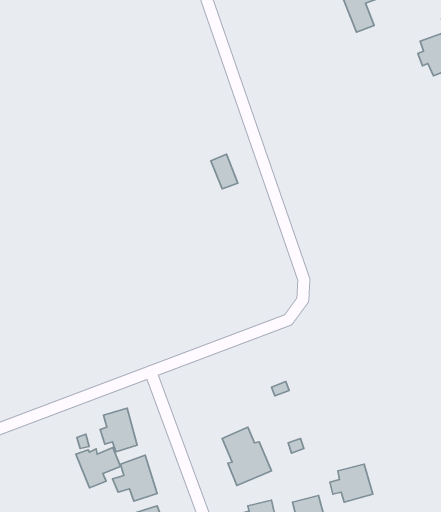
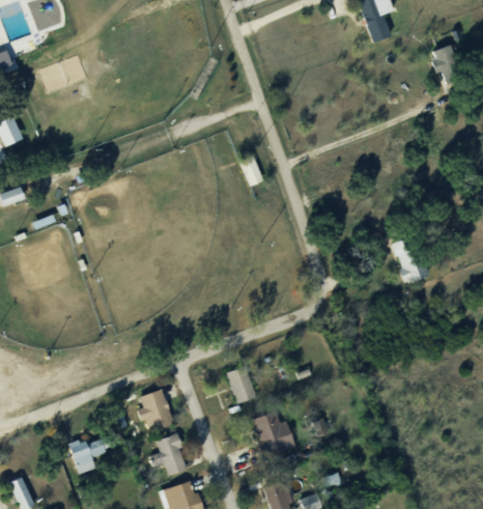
building: none -> [392,235,430,282]
building: none -> [226,366,257,405]
building: [76,448,121,488] -> [67,437,109,475]
building: [330,464,373,502] -> none

